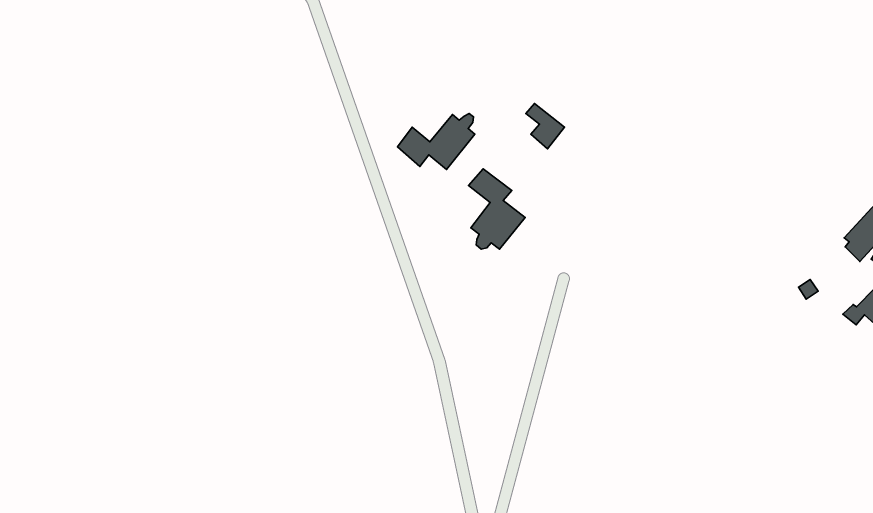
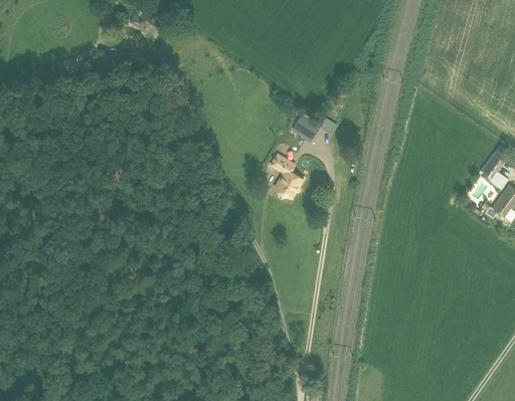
building: [397,114,475,170] -> none

